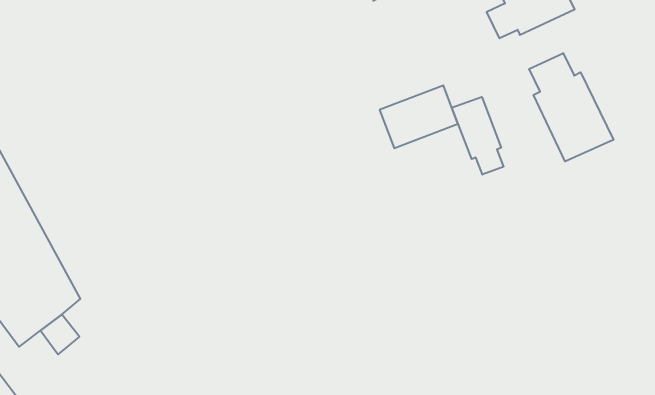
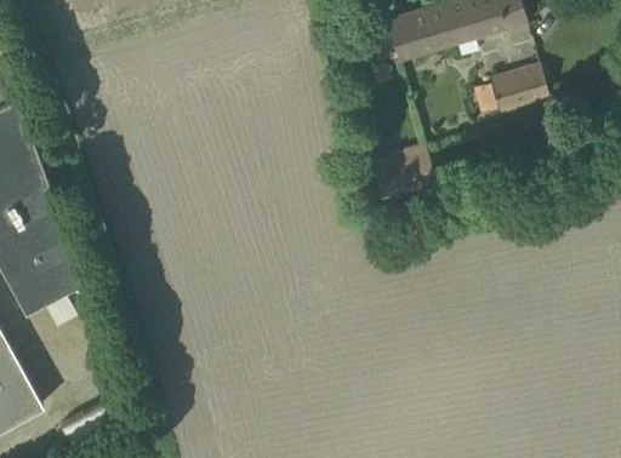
building: [529,53,613,161] -> none
building: [452,97,504,175] -> none

